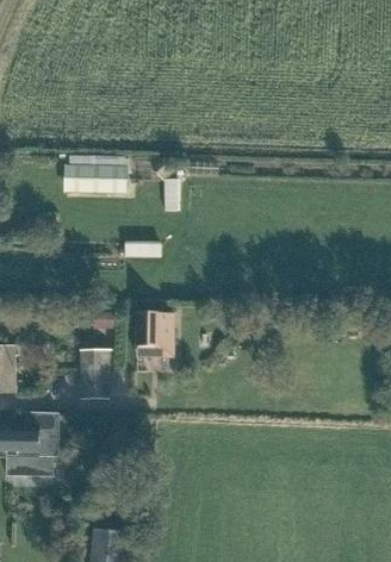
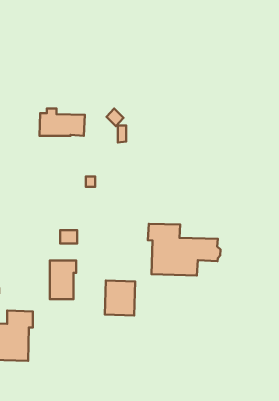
building: none -> [148,224,221,275]
building: [135,310,173,354] -> [105,280,135,315]

